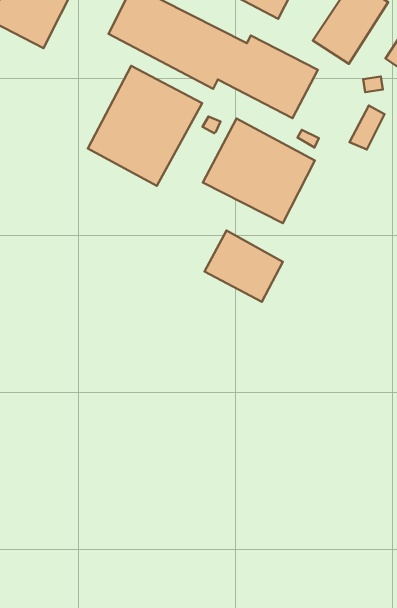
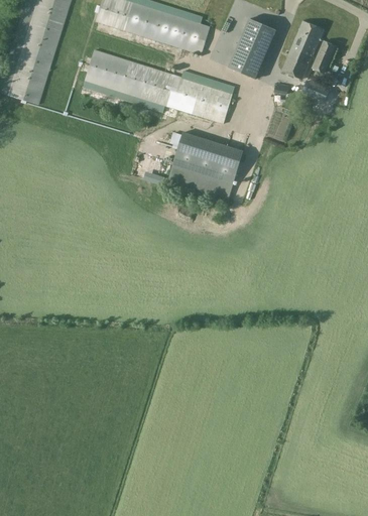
building: [88,66,202,186] -> none
building: [204,231,283,302] -> none

